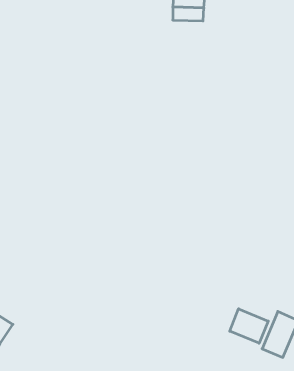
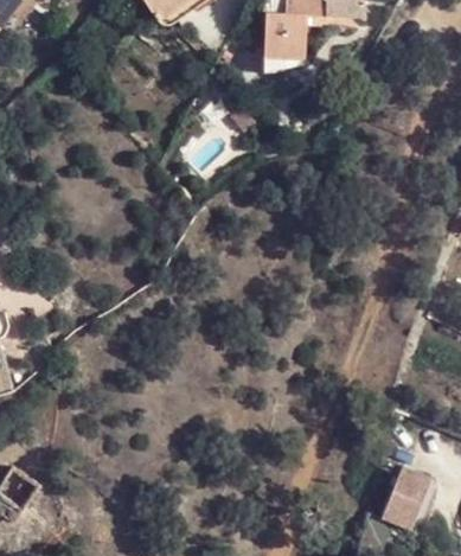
building: [230,309,268,343] -> none

